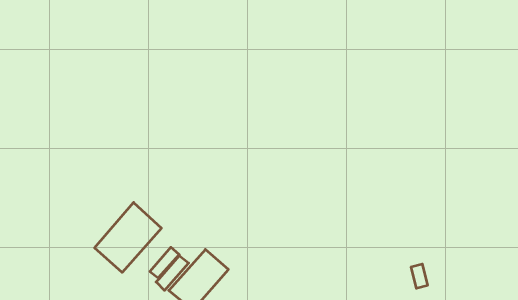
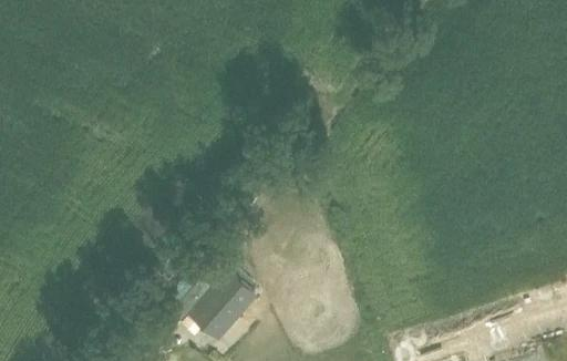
building: [95,202,161,272] -> none

